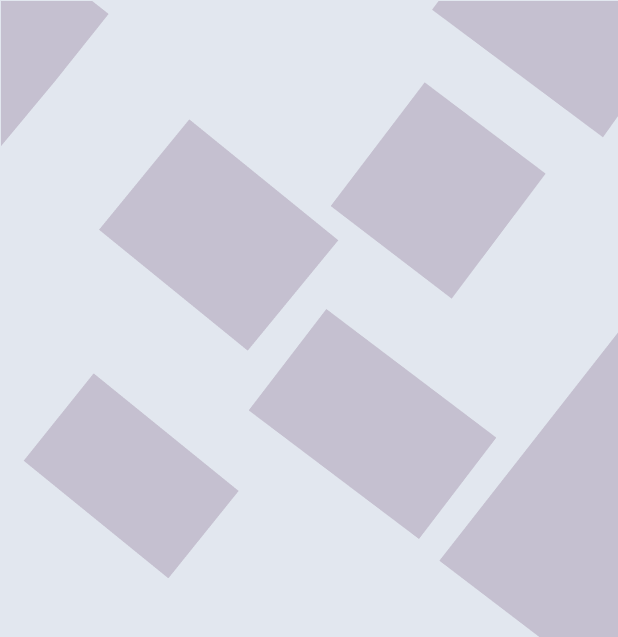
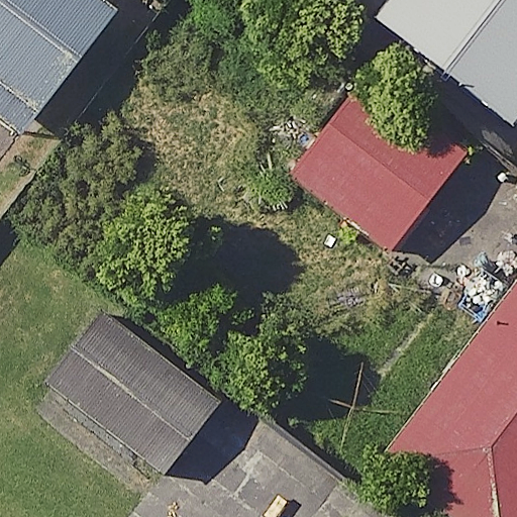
building: [98,118,339,352] -> none
building: [248,308,498,540] -> none

